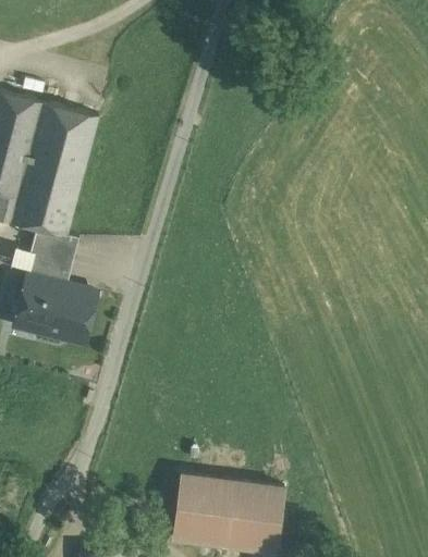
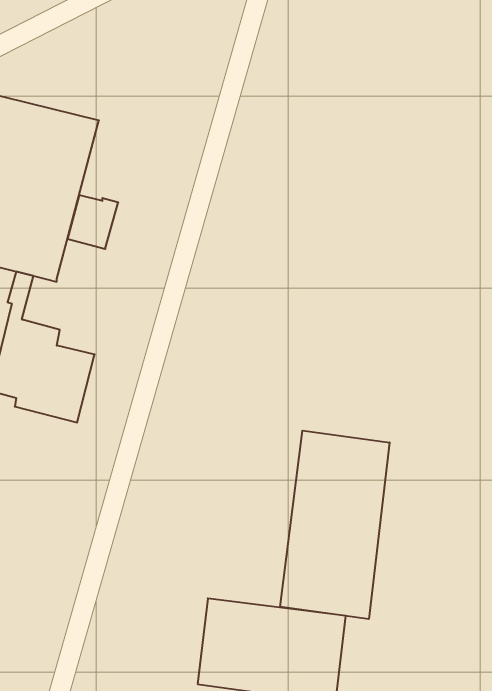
building: [40,233,78,273] -> [67,195,118,249]
building: none -> [280,431,390,619]

